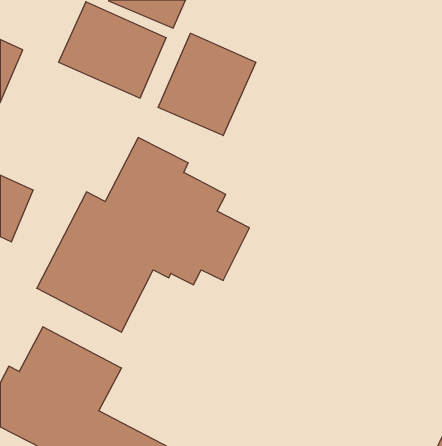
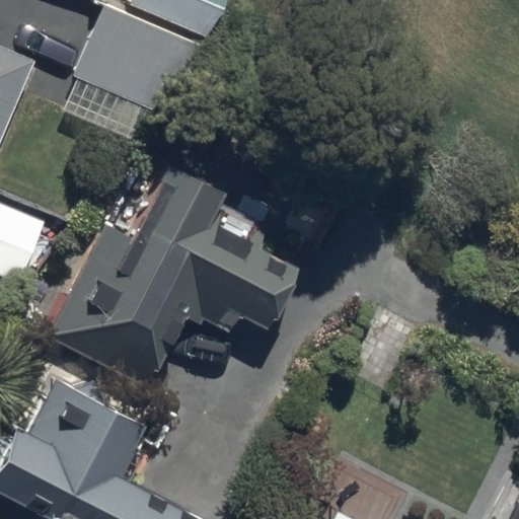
building: [158,33,256,136] -> none

